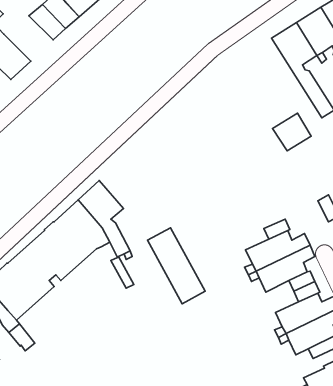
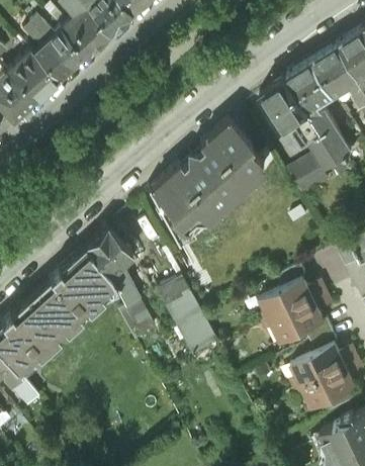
building: none -> [6,52,59,102]
building: none -> [261,78,340,169]
building: none -> [147,120,266,247]

